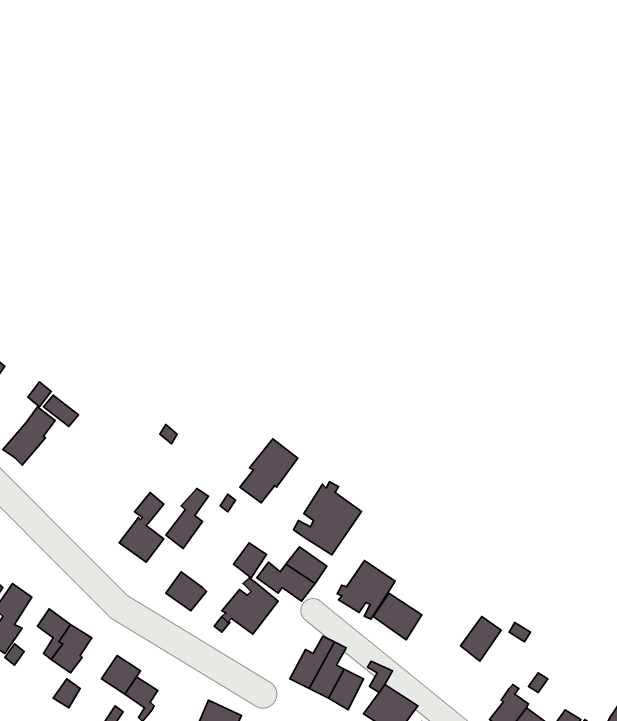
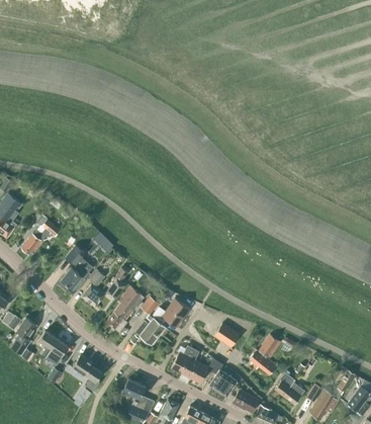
building: [240,439,298,503] -> [114,286,145,320]
building: none -> [61,245,94,288]
building: [294,482,362,555] -> none
building: [337,561,395,619] -> none
building: none -> [250,349,282,375]

